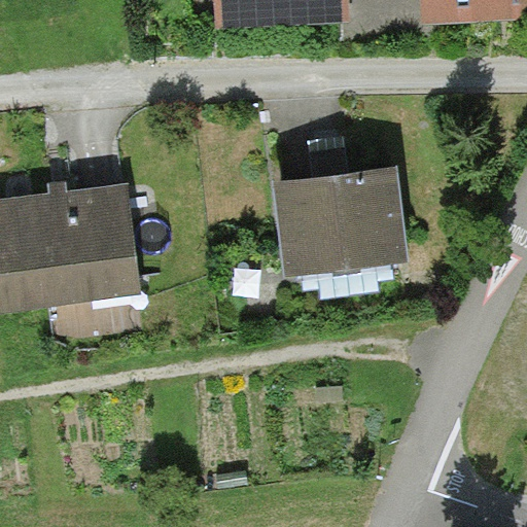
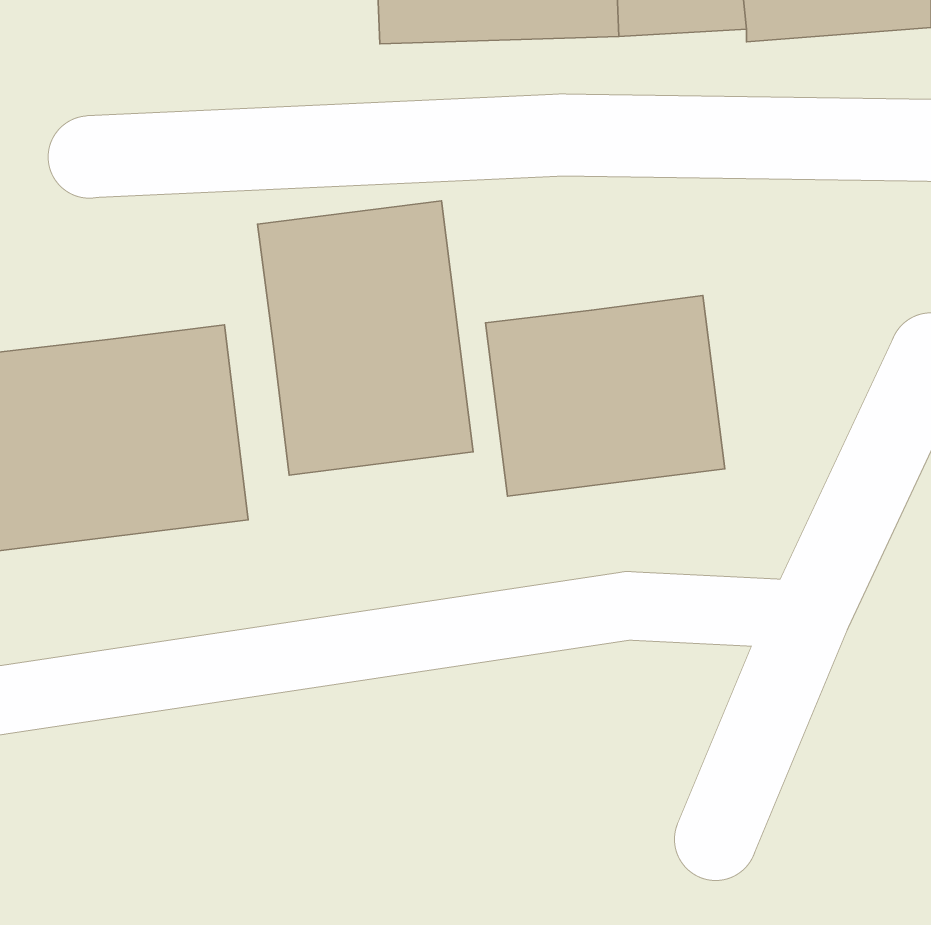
building: none -> [258,201,473,475]

